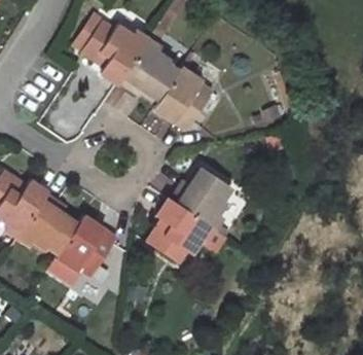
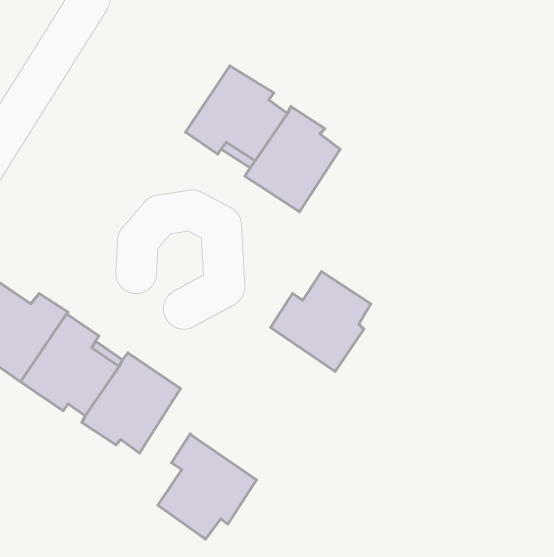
building: [81,21,145,83] -> none
building: [149,200,209,263] -> [158,434,257,539]

